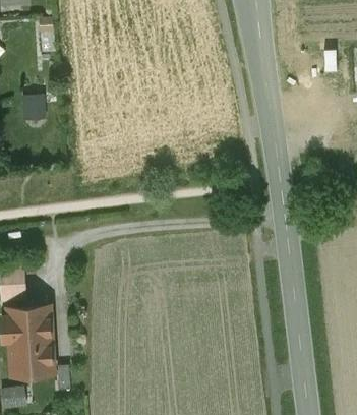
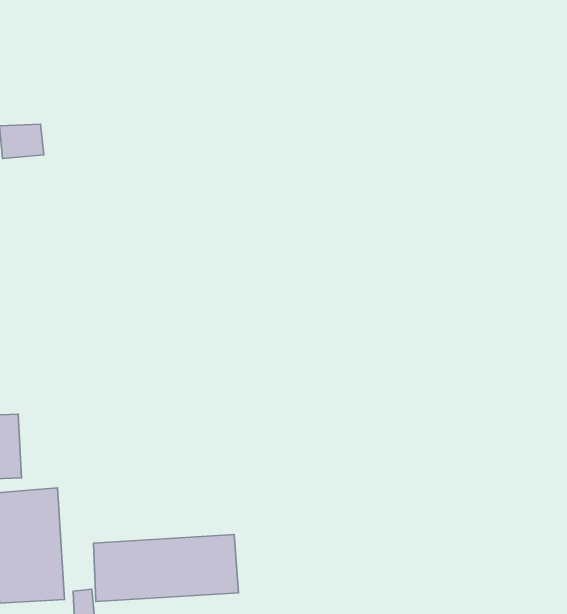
building: none -> [94,535,238,602]

